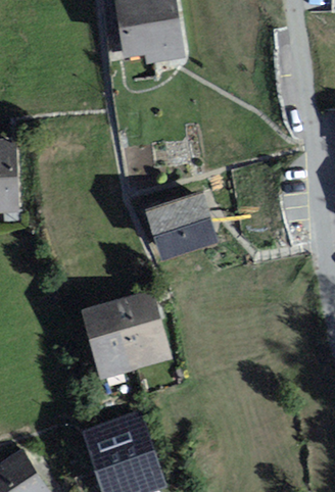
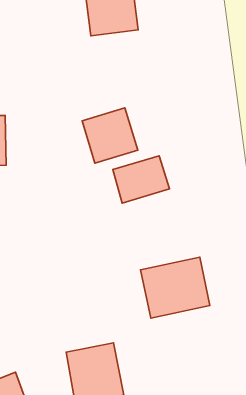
building: none -> [82,108,138,163]
building: [84,296,167,370] -> [141,257,210,318]

